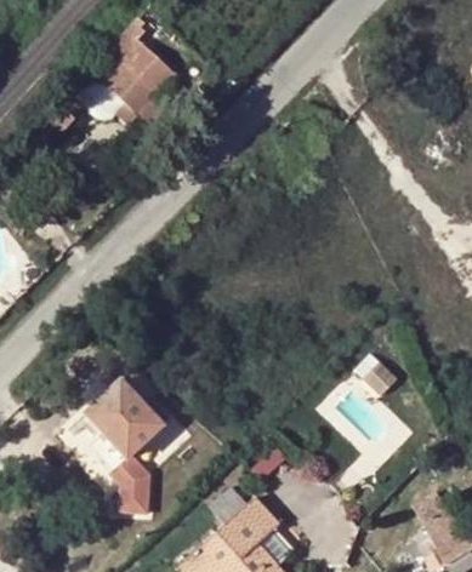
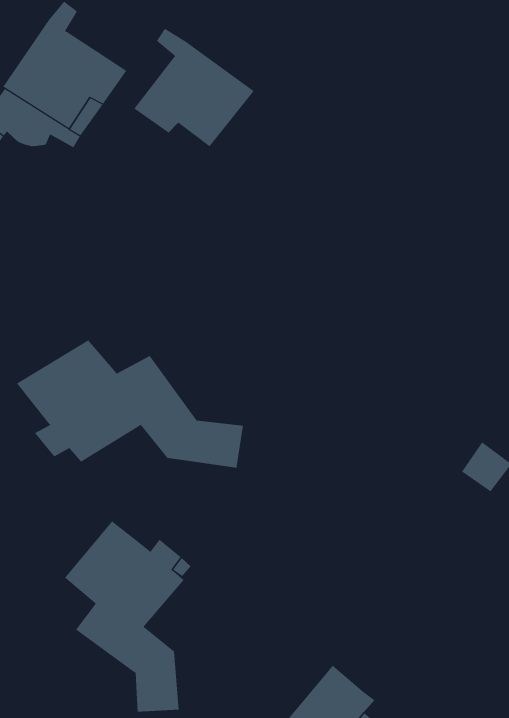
building: none -> [134,28,254,147]
building: none -> [16,340,243,468]

